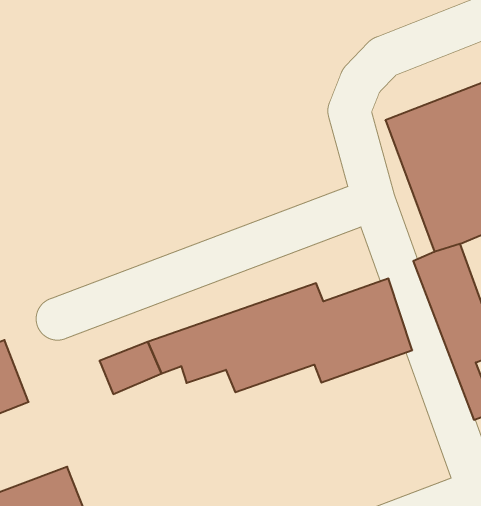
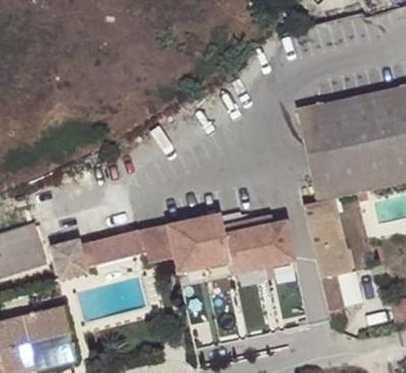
building: none -> [50,240,100,284]

